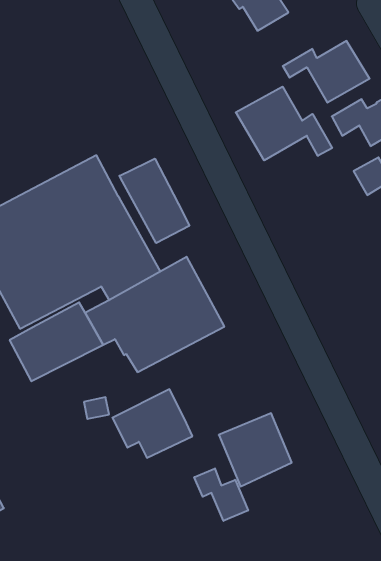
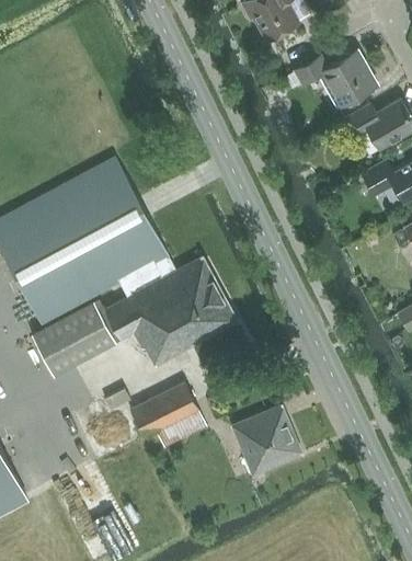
building: [236,87,332,160] -> none
building: [119,159,189,243] -> none
building: [194,468,248,521] -> none

